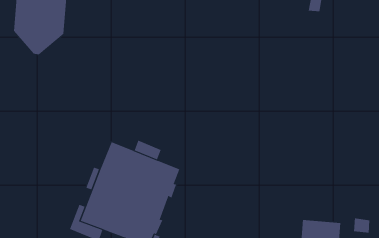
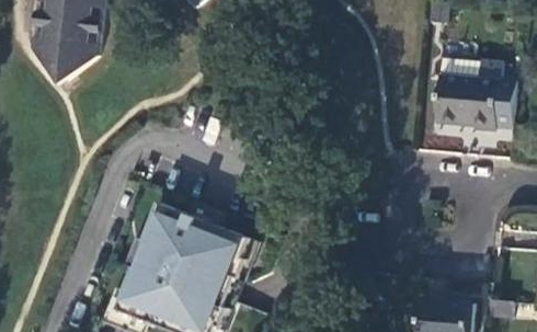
building: none -> [429,60,511,131]

